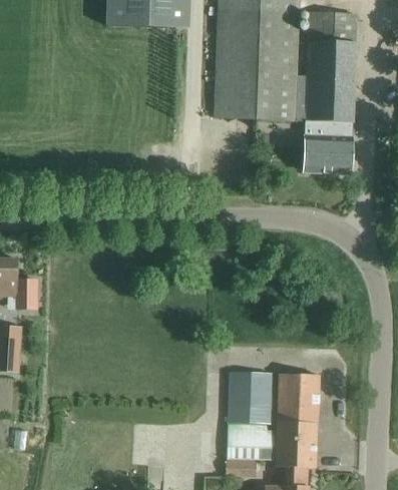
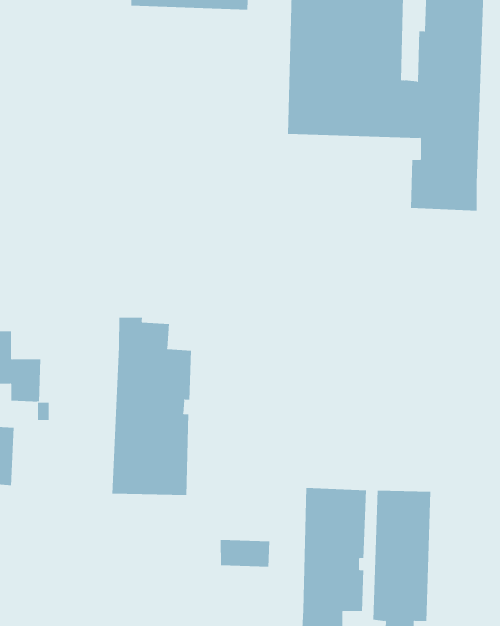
building: none -> [112,317,191,496]
building: none -> [220,539,270,568]

